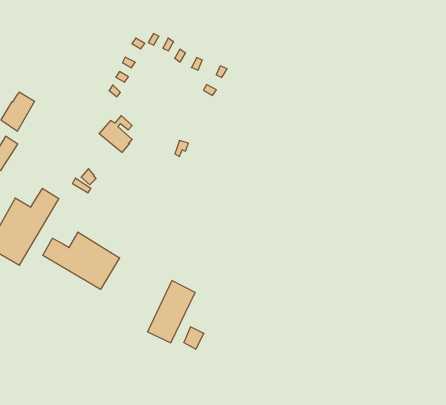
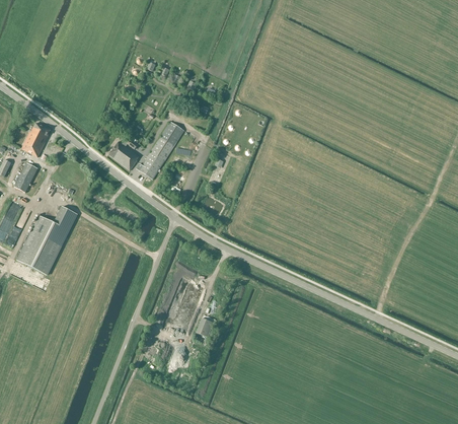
building: none -> [139,122,183,180]
building: [43,232,120,289] -> none

